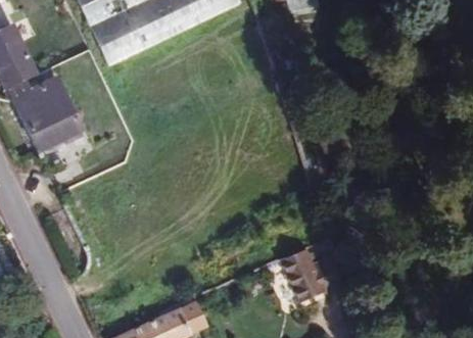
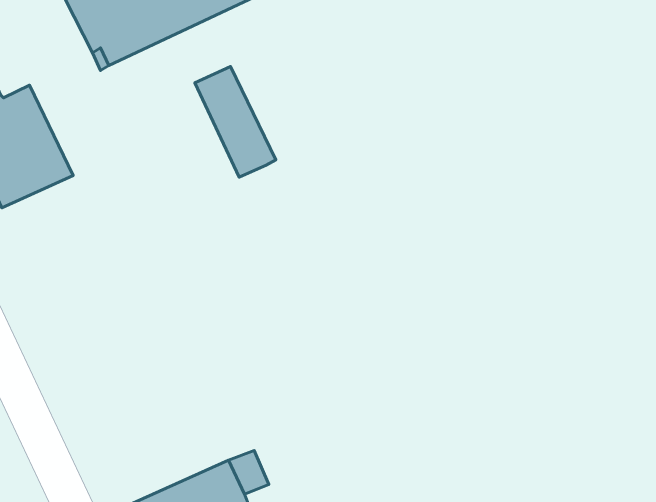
building: none -> [195,67,276,177]
building: [284,249,344,299] -> none

